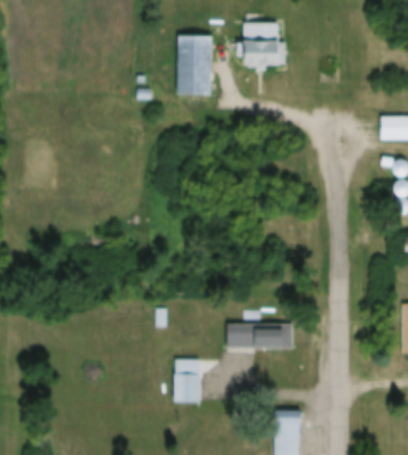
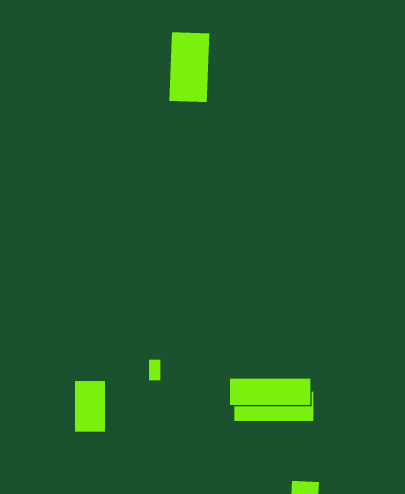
building: [242,22,282,65] -> none
building: [173,359,199,402] -> [74,380,106,432]

